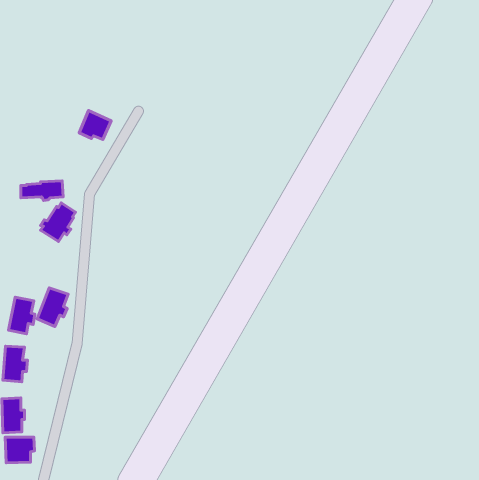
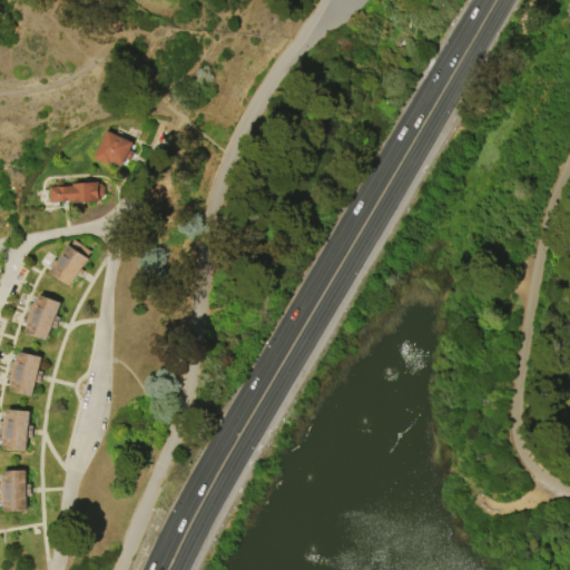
building: [21,181,63,201] -> [49,181,99,205]
building: [37,288,68,326] -> [23,294,60,340]
building: [5,437,35,463] -> none

